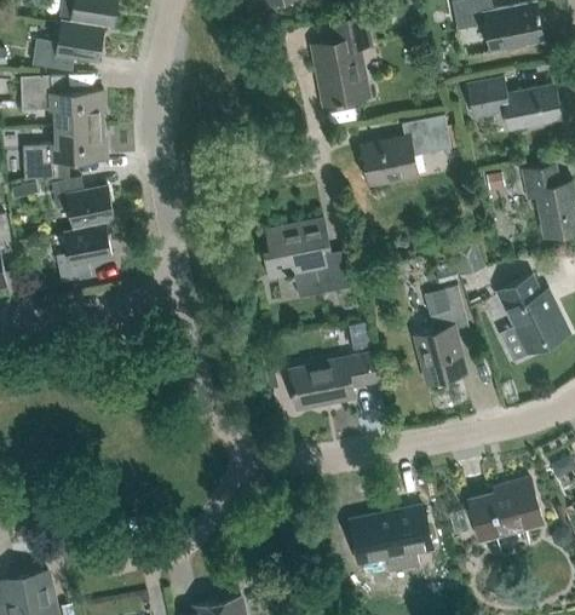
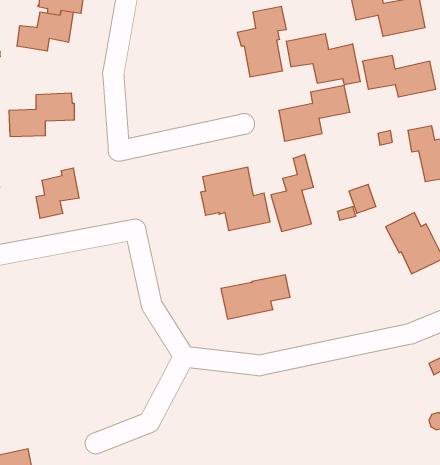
building: none -> [286,34,360,85]
building: [21,75,104,127] -> none
building: [52,178,114,232] -> none
building: [415,286,468,383] -> [271,155,313,231]
building: [468,479,542,540] -> none
building: [351,506,431,562] -> none

